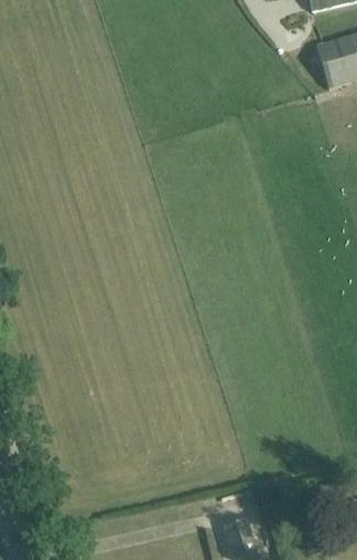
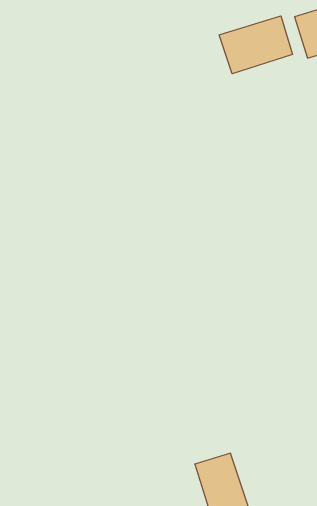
building: none -> [219,16,293,74]

